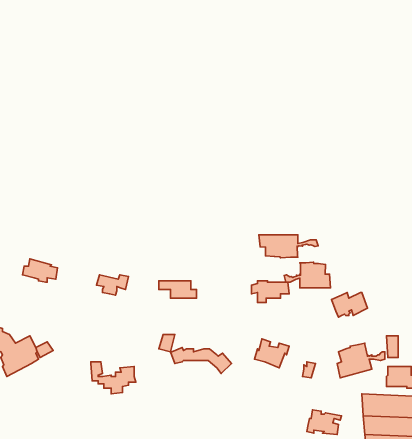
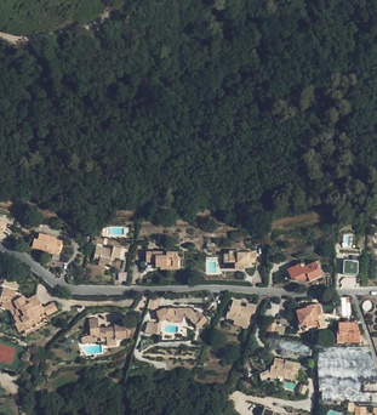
building: [259,235,318,258] -> none
building: [284,262,330,288] -> none

